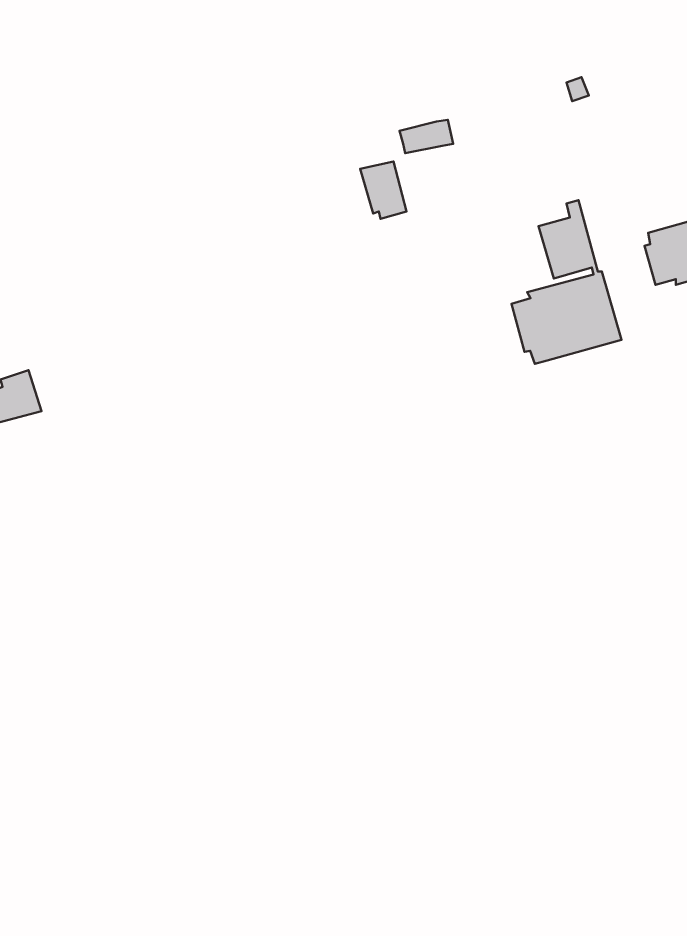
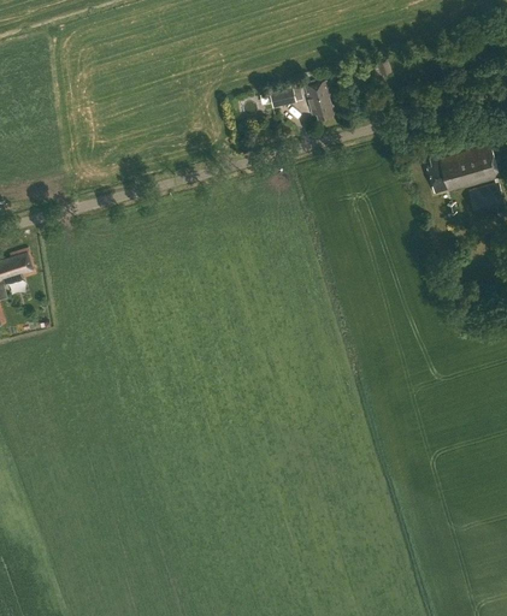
building: [360,161,407,219] -> [303,82,334,119]
building: [511,200,622,364] -> none

